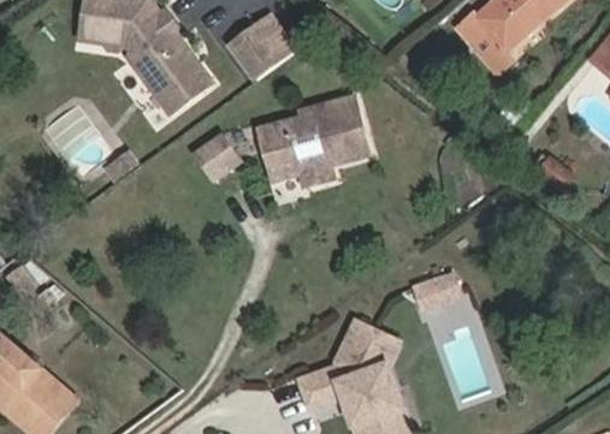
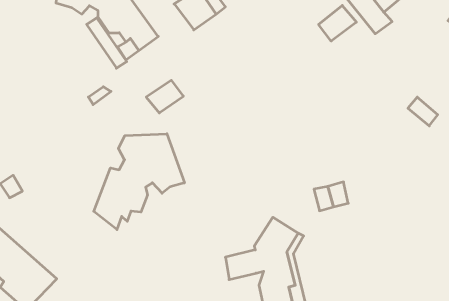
building: none -> [319,5,356,41]
building: [255,96,363,190] -> none
building: none -> [94,134,184,230]

